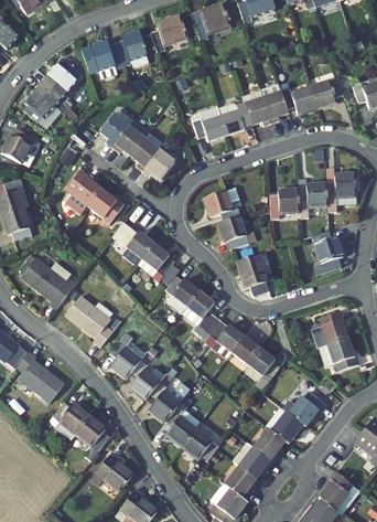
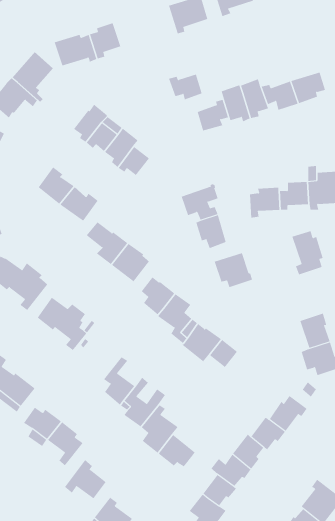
building: [150,13,189,52] -> none
building: [192,116,225,141] -> [168,74,202,100]
building: [110,332,147,377] -> none
building: [247,348,280,380] -> none

